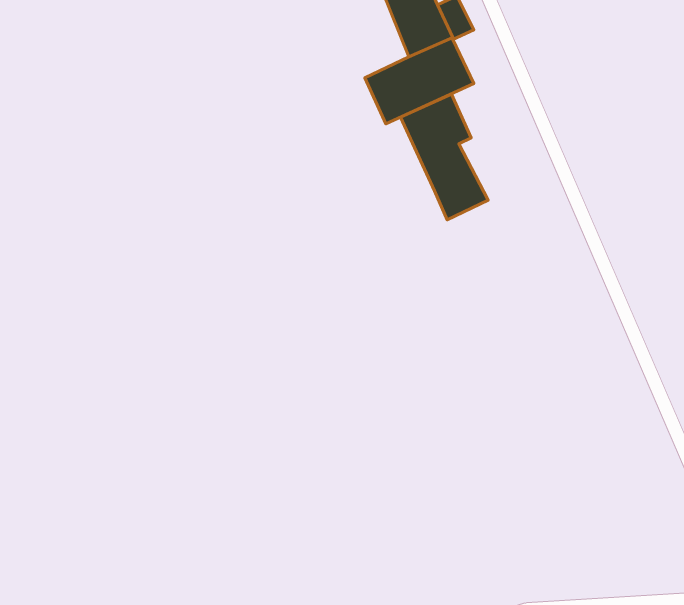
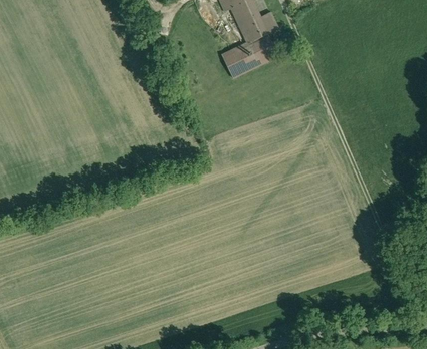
building: [400,94,488,220] -> none

